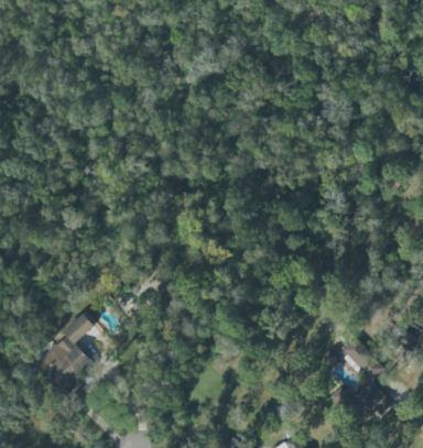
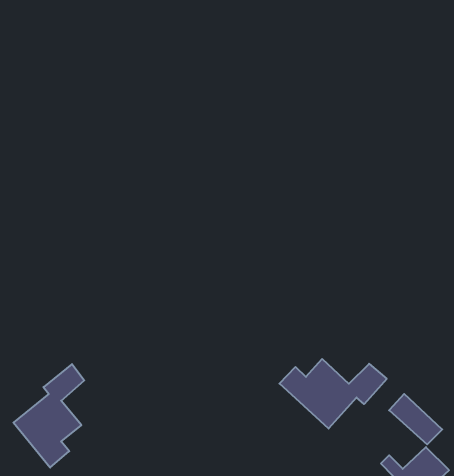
building: none -> [279,359,387,429]

